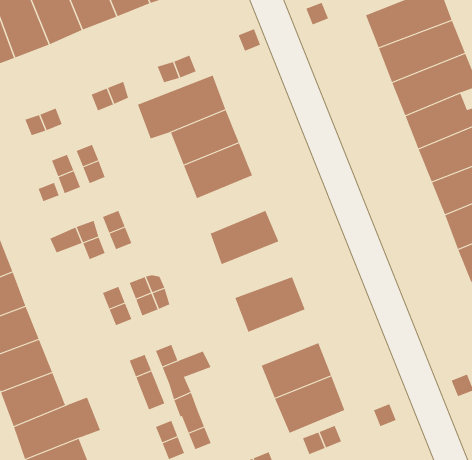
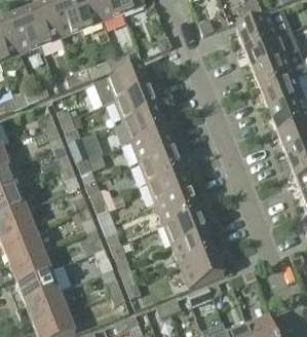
building: none -> [131,127,175,163]
building: none -> [147,168,191,203]
building: none -> [163,211,207,246]

